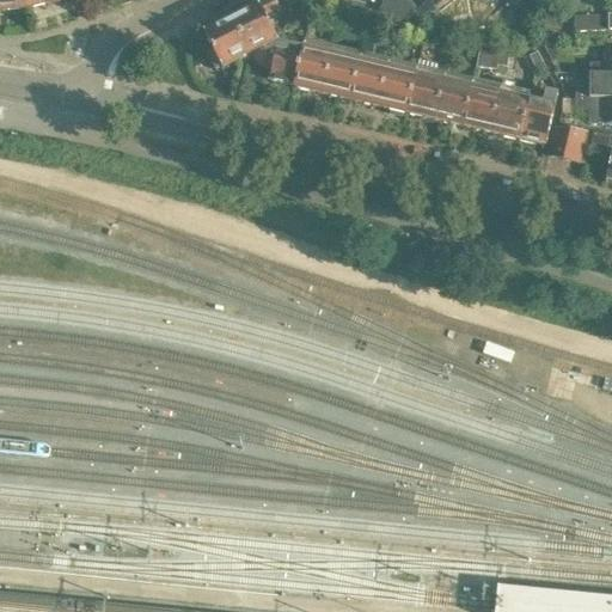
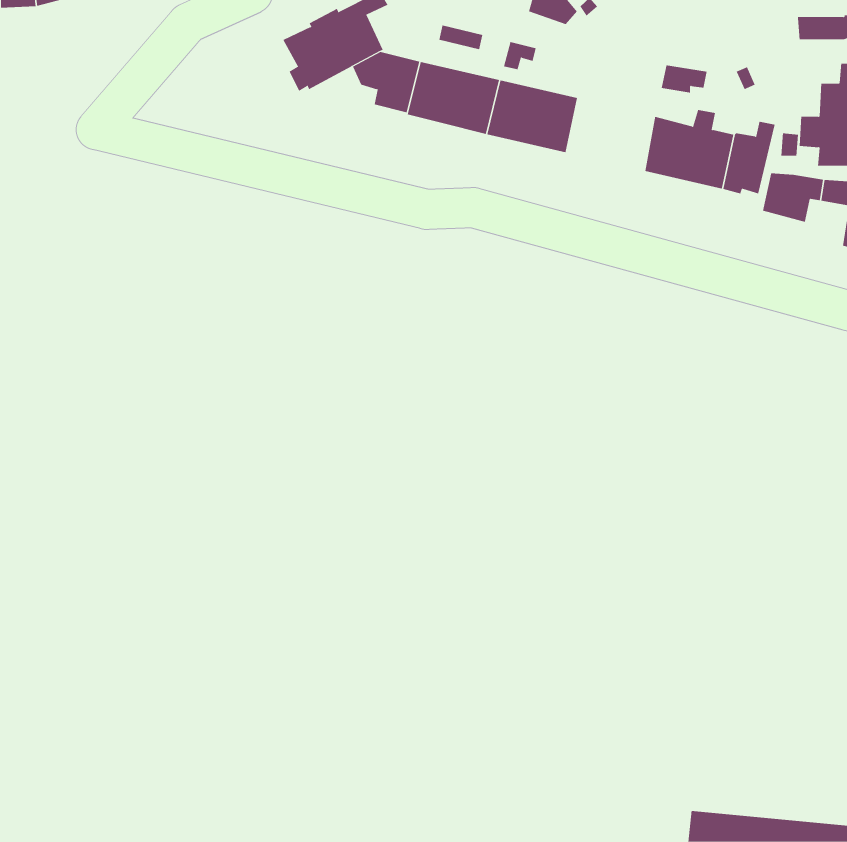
building: [409,71,472,123] -> none

